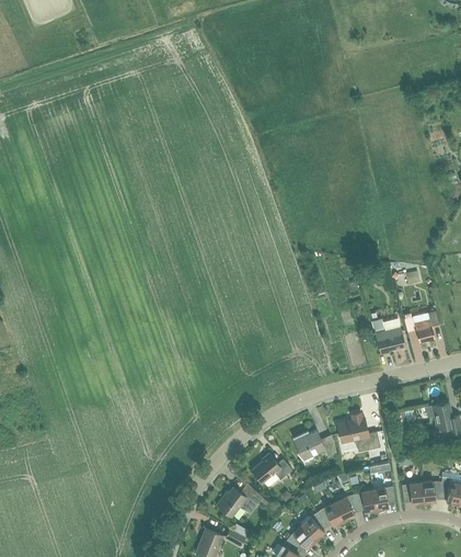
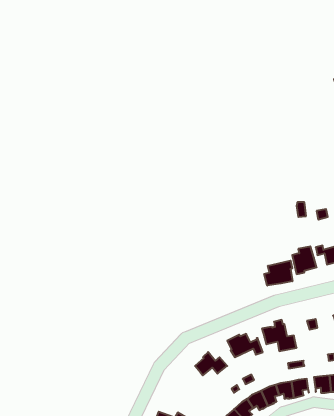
building: none -> [264,261,292,286]
building: [217,484,263,515] -> none

